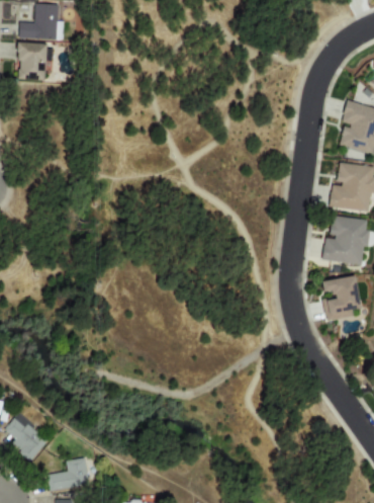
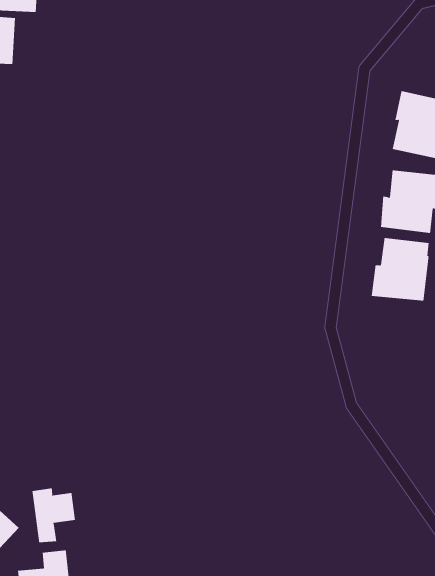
building: [322,275,362,320] -> none
building: none -> [32,488,75,543]

